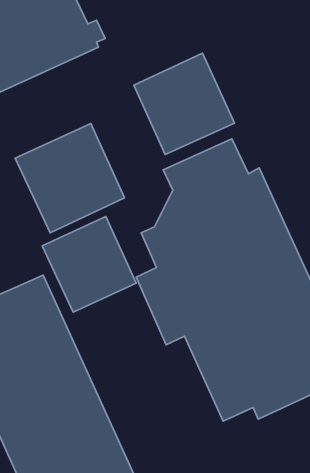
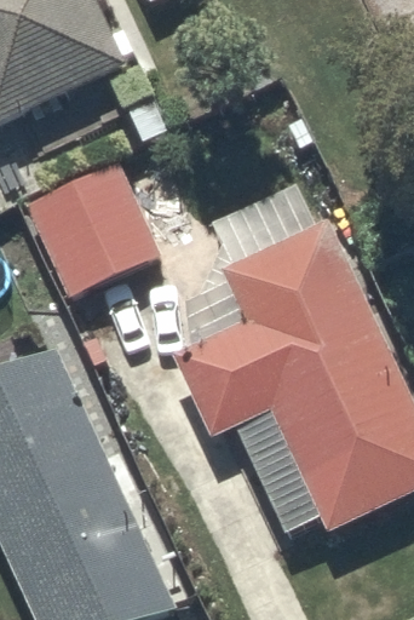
building: [134,53,234,154] -> none
building: [42,216,136,312] -> none

